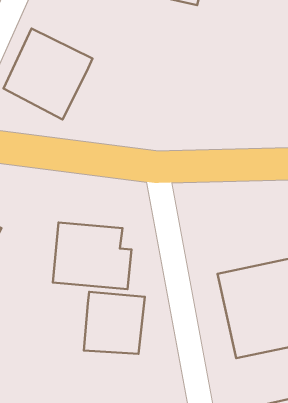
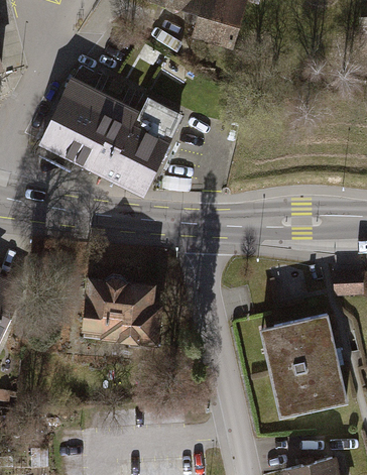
building: none -> [100,100,175,191]
building: [84,292,145,354] -> none

